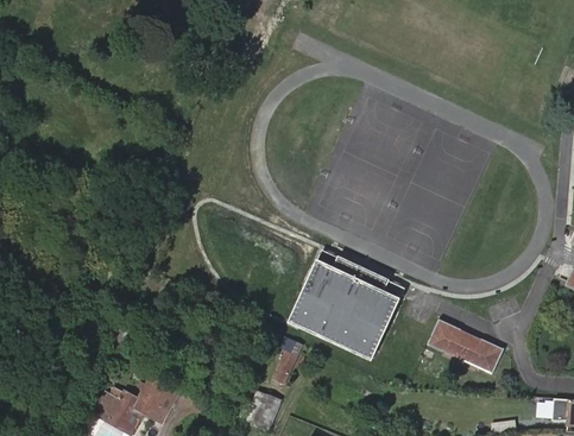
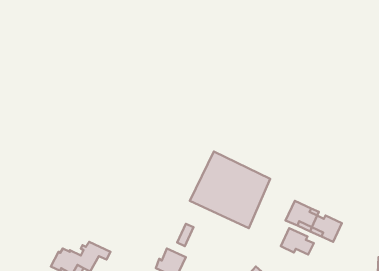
building: none -> [281,228,314,254]

